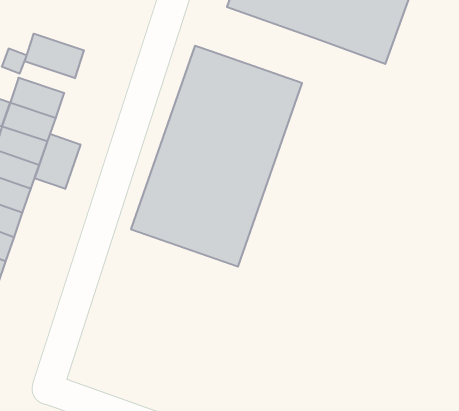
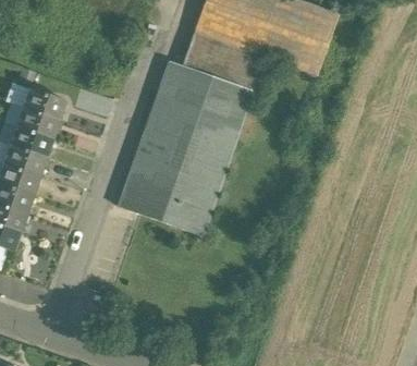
building: none -> [182,33,265,93]
building: [25,34,84,78] -> none
building: [35,134,80,189] -> none

